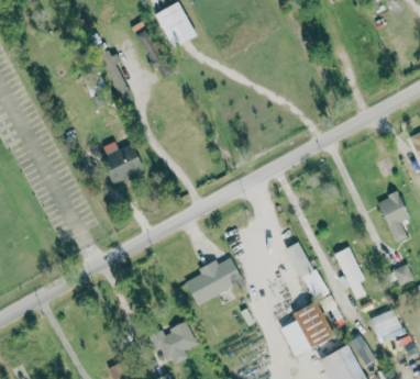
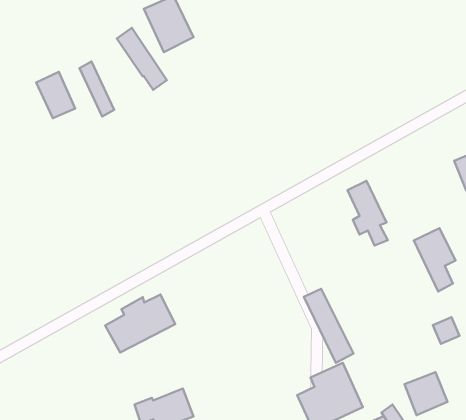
building: none -> [36,72,75,118]
building: [102,142,144,183] -> none
building: [333,246,366,299] -> [348,181,388,245]
building: [185,257,242,304] -> [105,294,175,352]

